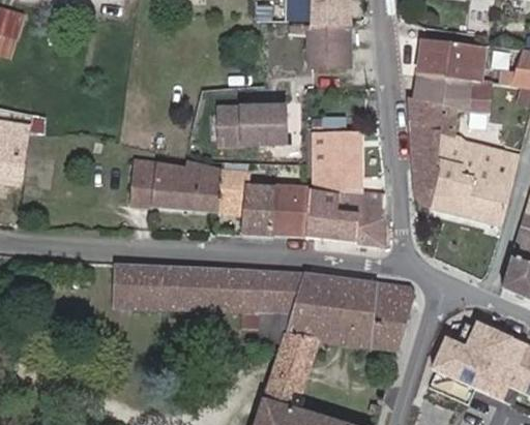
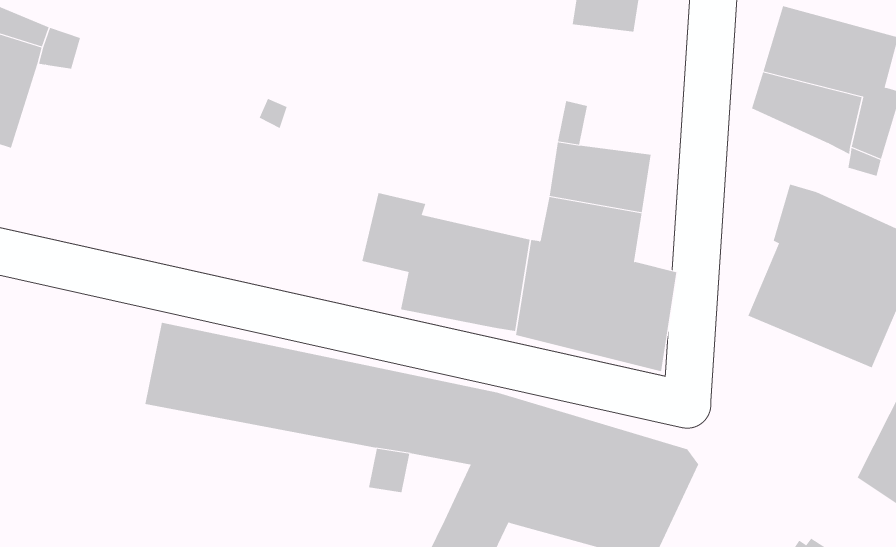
building: [407,95,458,209] -> none
building: [218,102,286,142] -> none
building: [130,157,220,212] -> none
building: [258,311,292,344] -> none

